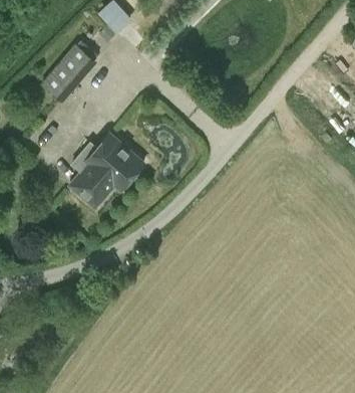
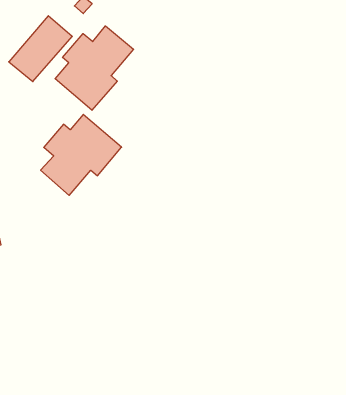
building: none -> [55,26,134,110]

